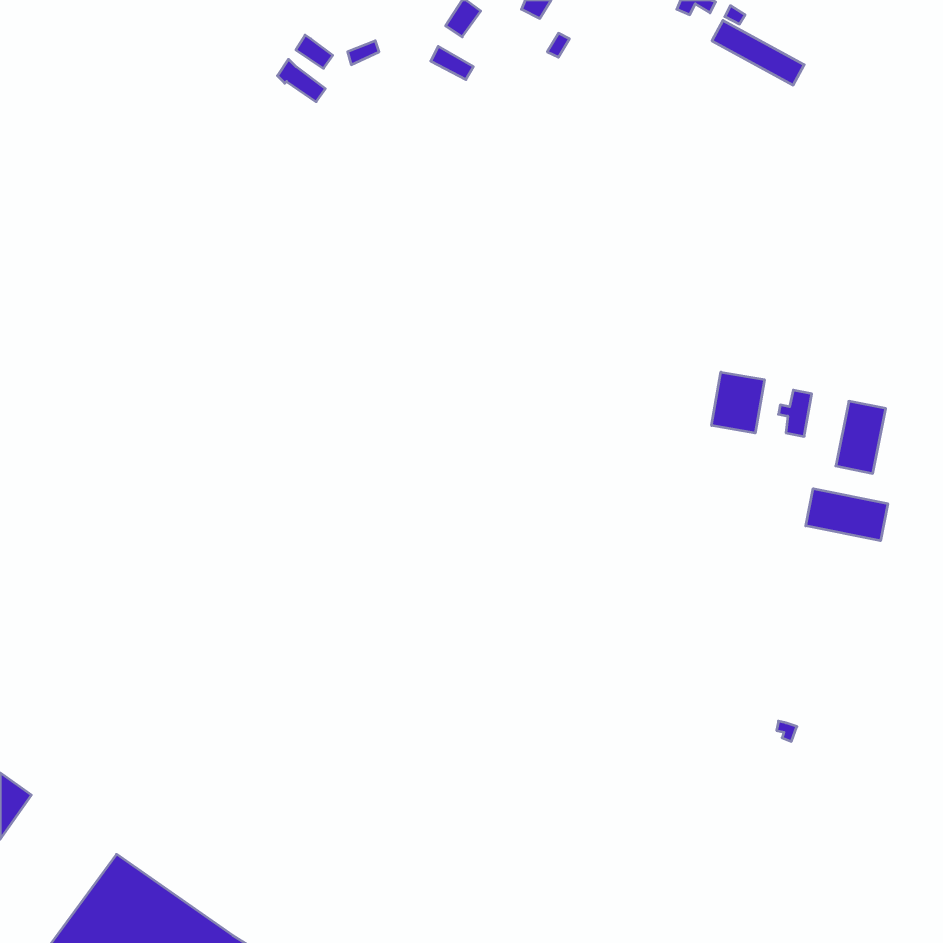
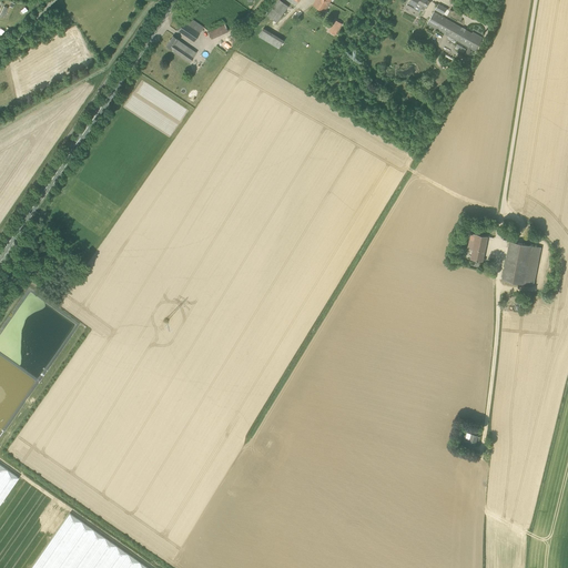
building: [712,372,764,433] -> none
building: [806,489,888,541] -> none

